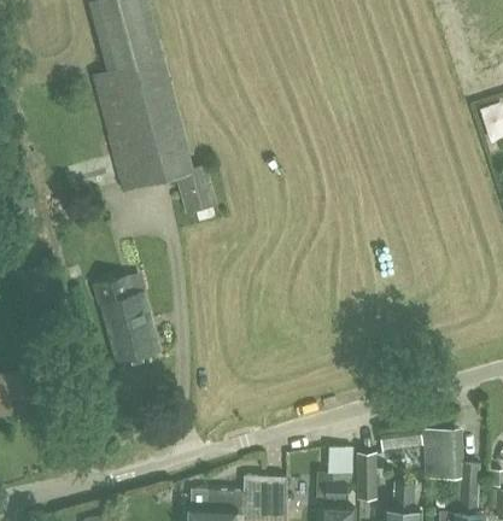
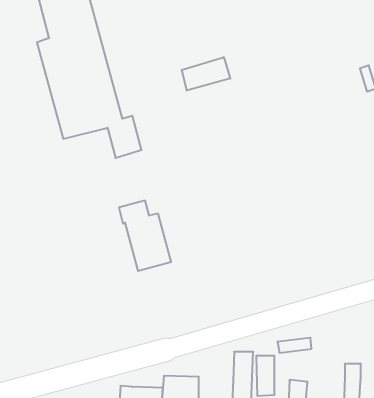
building: none -> [182,57,230,91]
building: [95,277,158,362] -> [119,201,171,271]
building: [423,429,457,481] -> none

